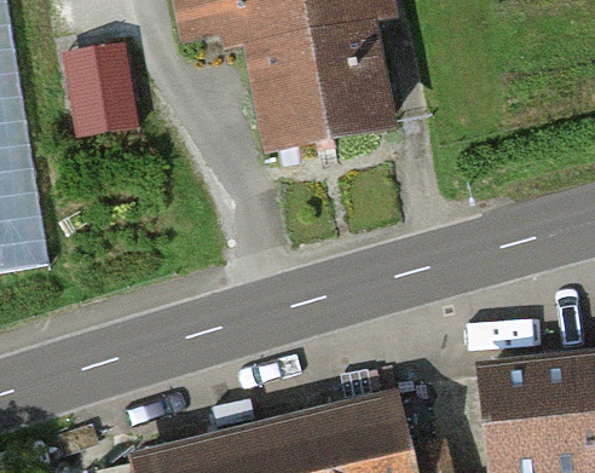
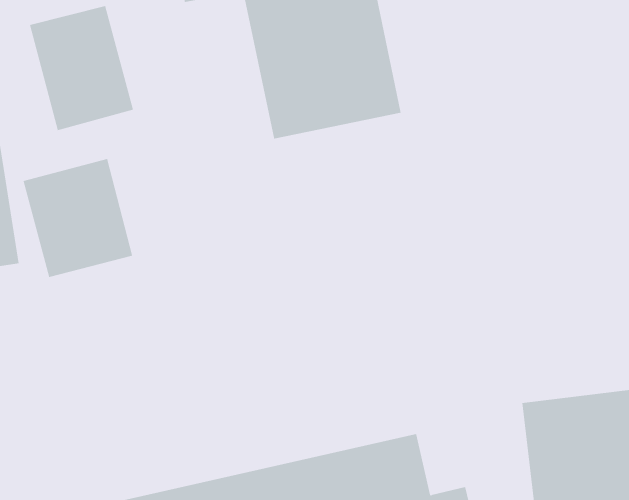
building: none -> [23,158,133,278]

